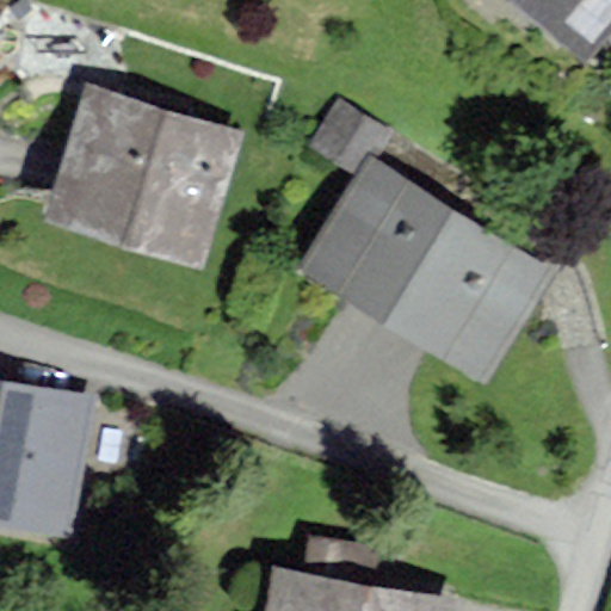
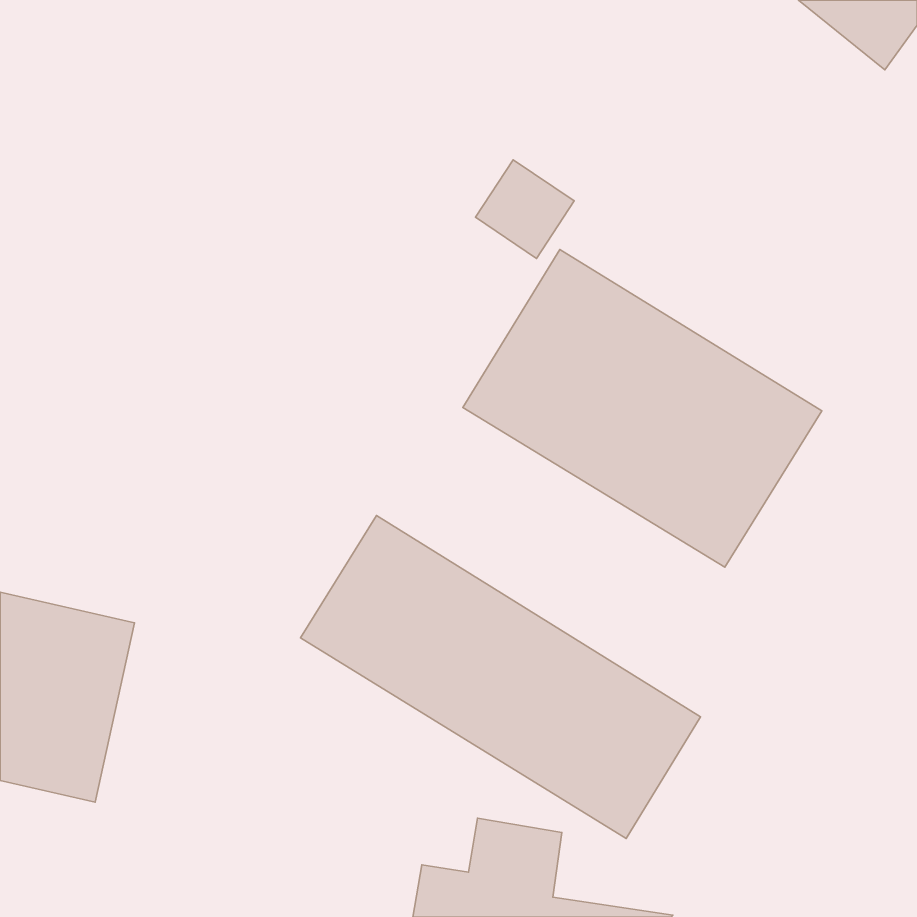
building: [55,97,236,261] -> none
building: none -> [300,515,701,839]

